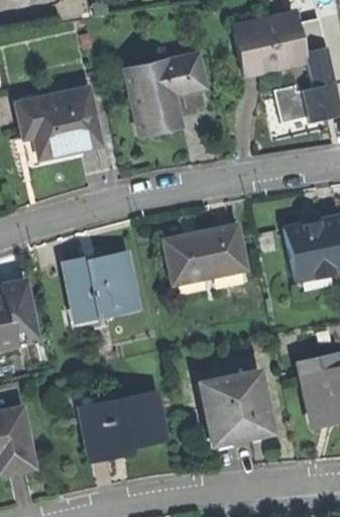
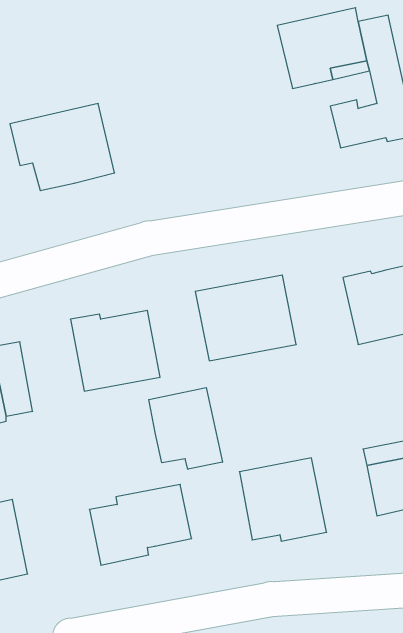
building: [126,54,204,133] -> none
building: none -> [149,388,222,469]

